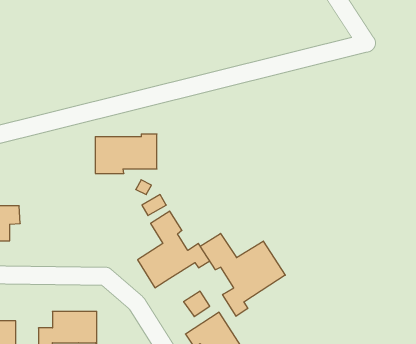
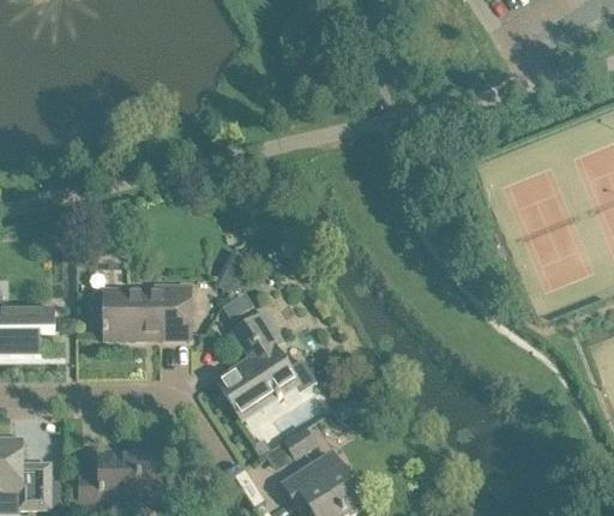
building: [95,134,157,173] -> [103,284,188,338]
building: [200,233,285,316] -> none

